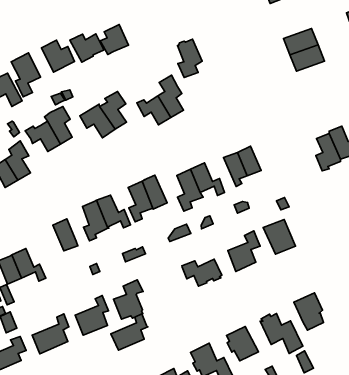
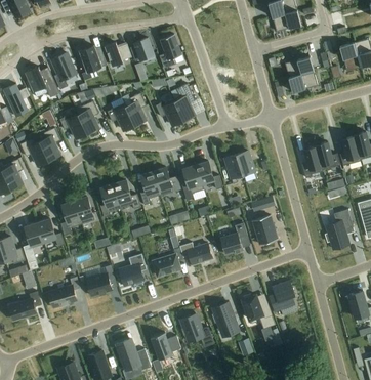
building: [177,39,202,78] -> [160,35,180,67]
building: none -> [60,201,82,235]
building: [111,314,148,350] -> [153,247,184,276]

